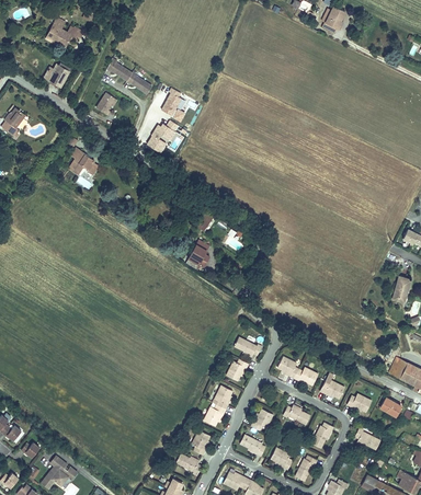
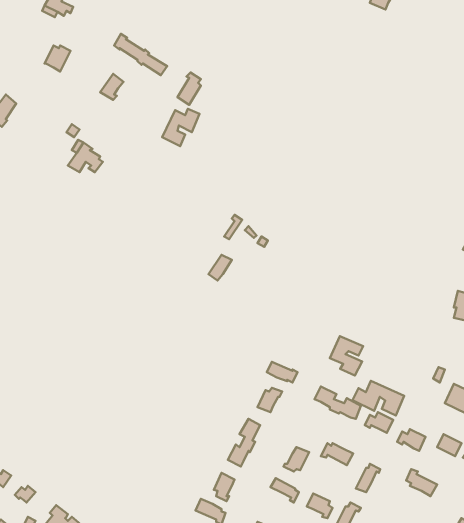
building: none -> [330,336,363,376]
building: none -> [353,381,404,415]

